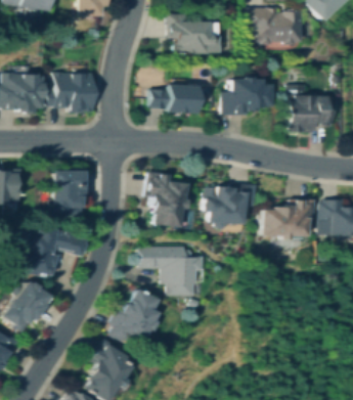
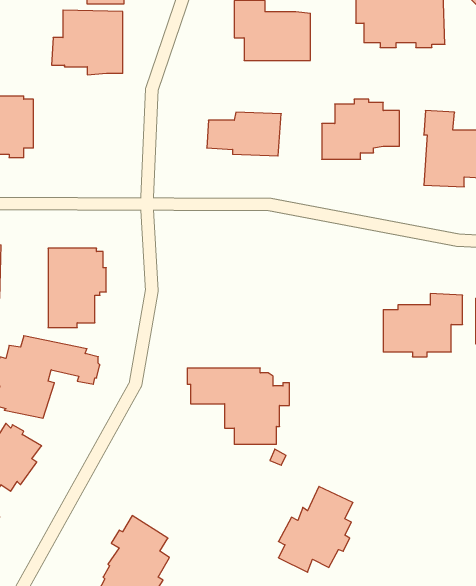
building: [49,72,94,113] -> [52,10,123,75]
building: [148,172,188,227] -> none
building: [207,184,256,229] -> none
building: [112,290,159,344] -> [278,486,353,572]

